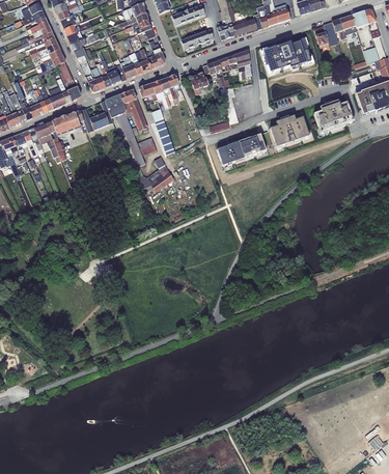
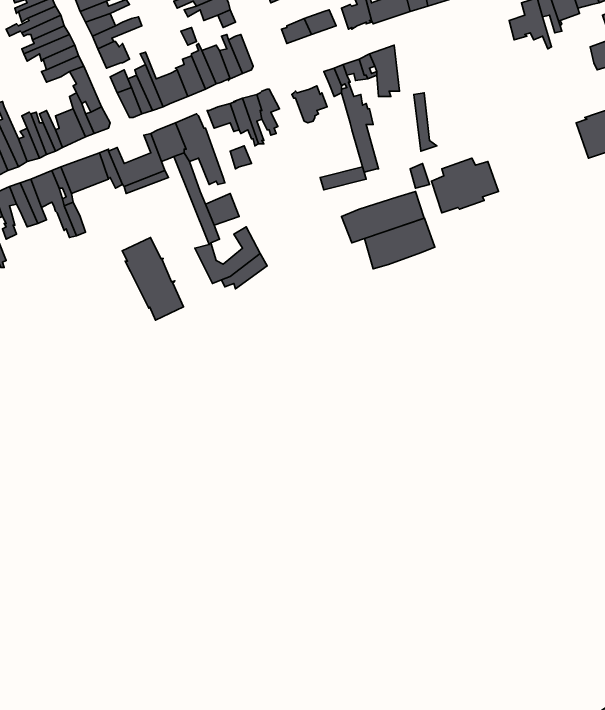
building: [259,36,314,77] -> none
building: [313,101,353,130] -> none
building: none -> [364,218,435,269]
building: none -> [122,237,184,320]

